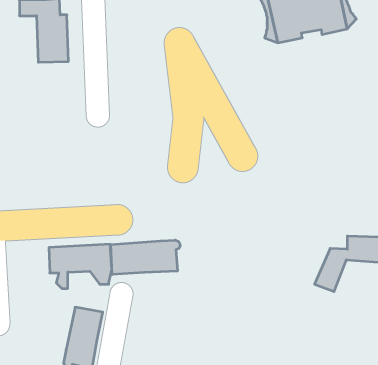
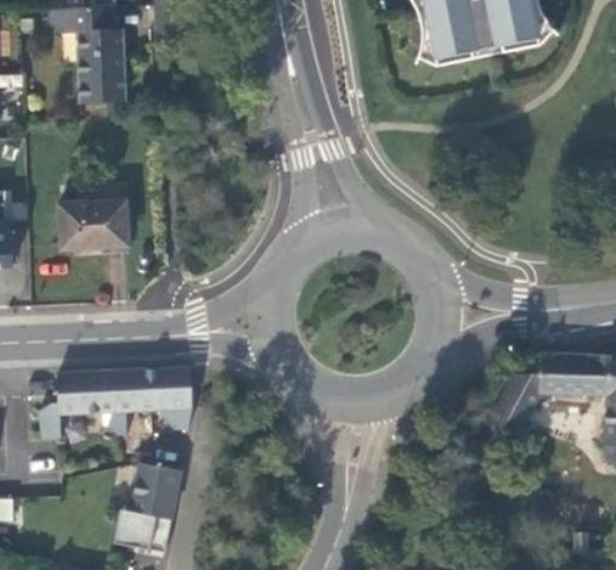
building: none -> [62,201,130,252]
building: [111,240,180,275] -> none
building: none -> [40,372,98,436]

